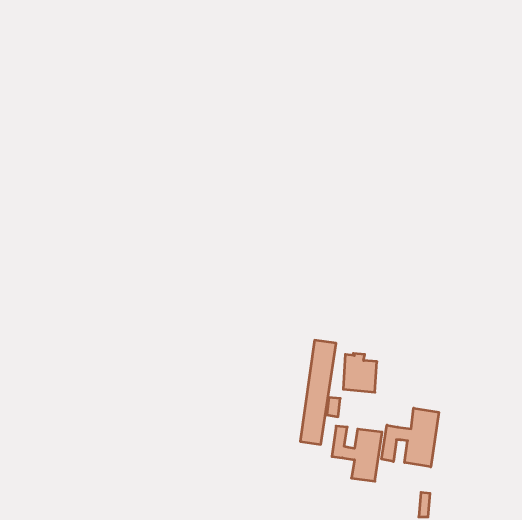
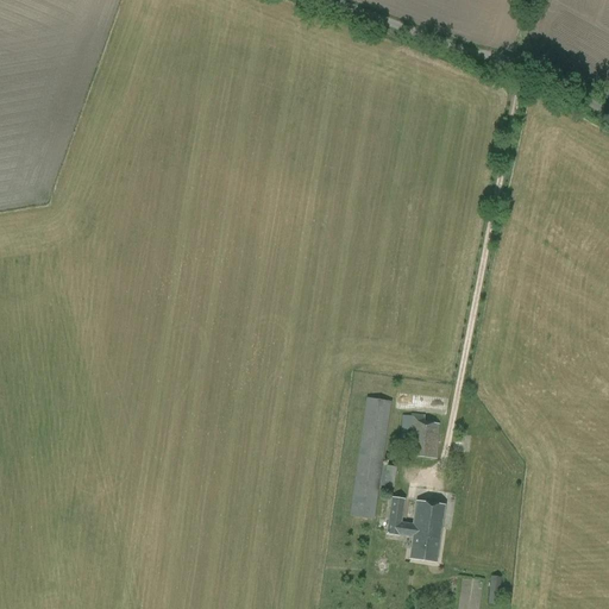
building: [382,408,439,467] -> none

